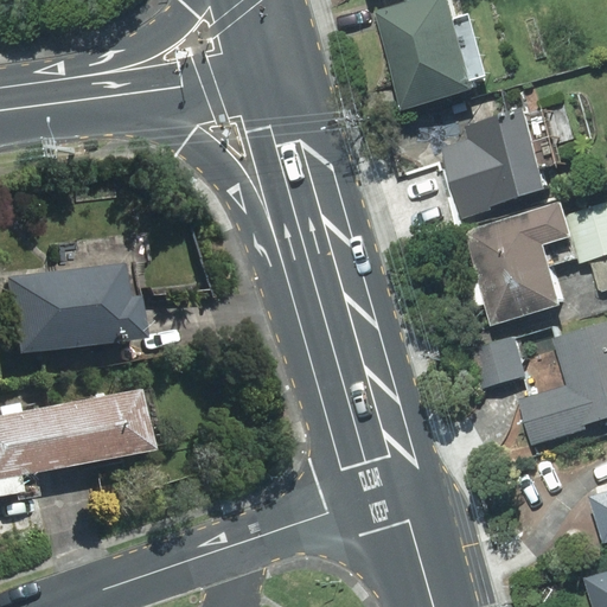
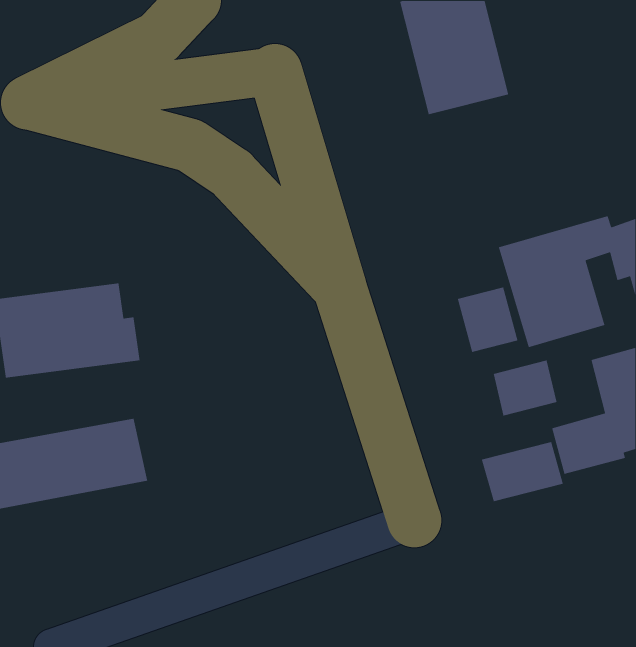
building: [442,108,556,216] -> none
building: none -> [457,287,519,353]
building: none -> [481,441,564,502]

